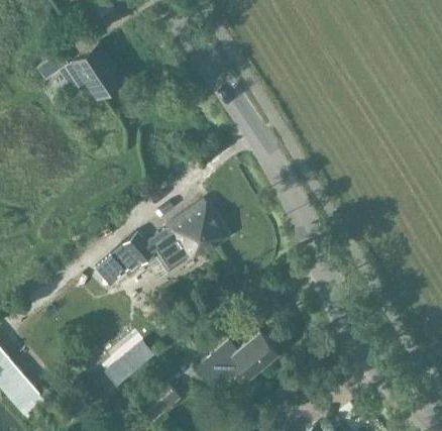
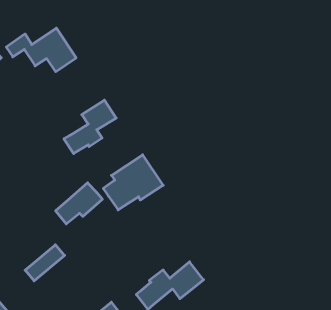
building: none -> [64,100,116,154]
building: [105,341,153,386] -> [25,245,65,281]

